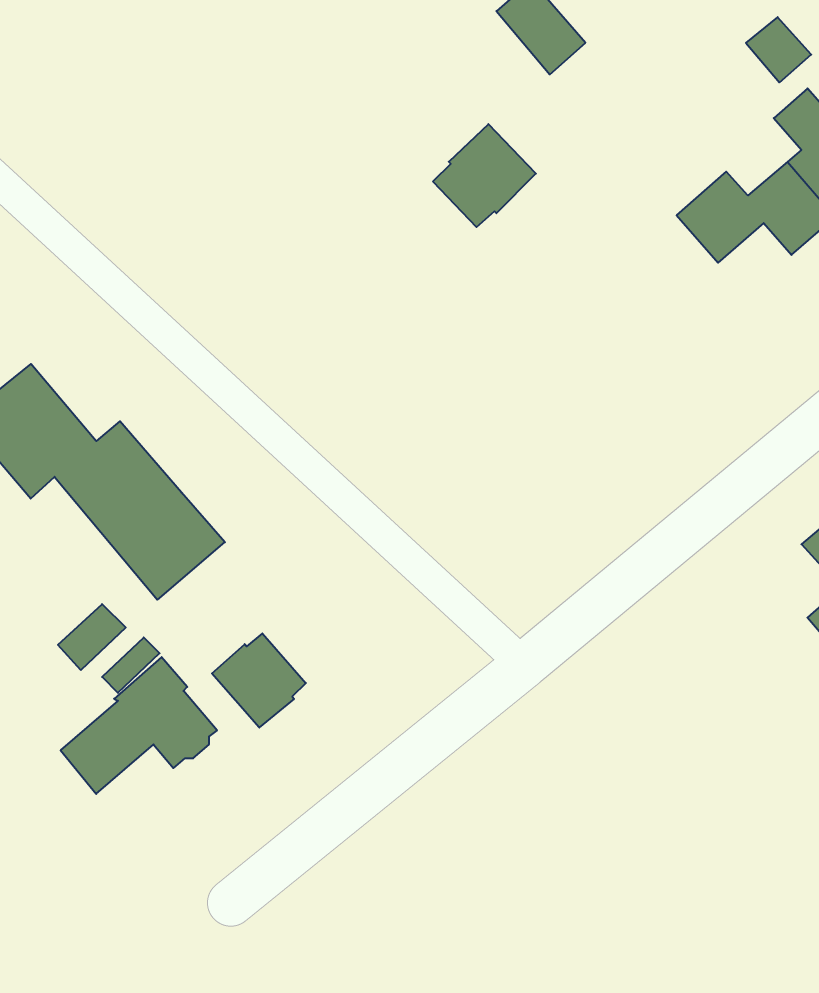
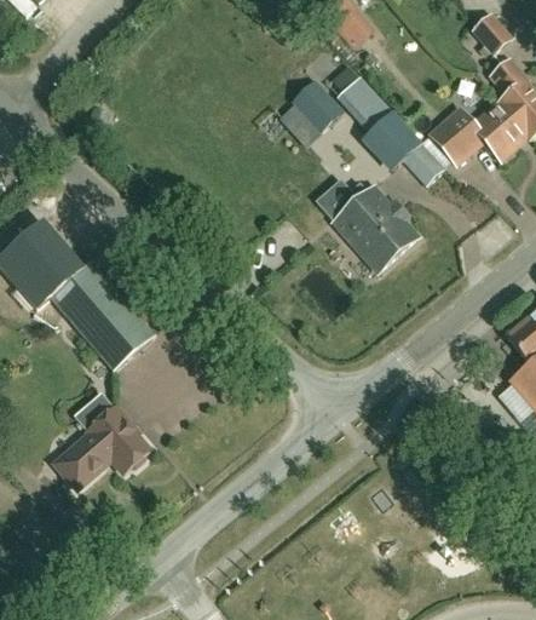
building: none -> [324,62,445,184]
building: none -> [316,174,419,271]
building: [58,604,126,670] -> none
building: [212,633,306,728] -> none

